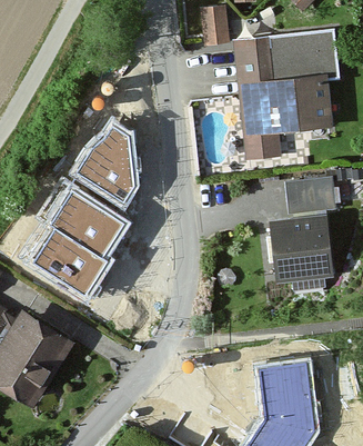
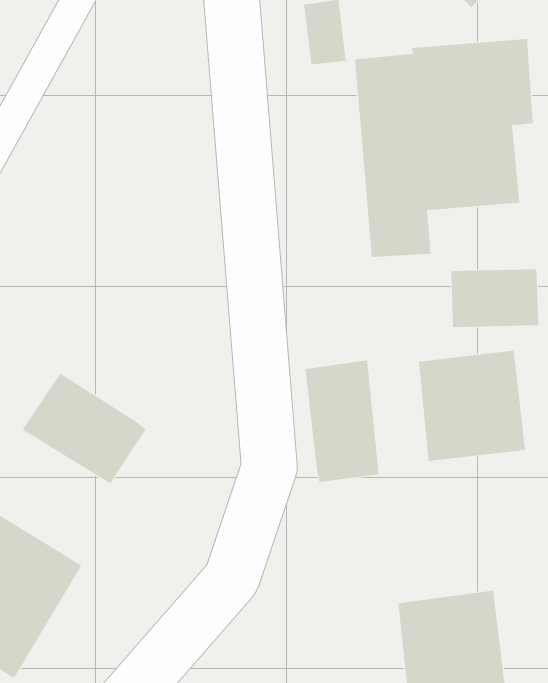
building: [81,127,137,200] -> none
building: [52,188,128,257] -> none
building: none -> [305,360,379,483]

